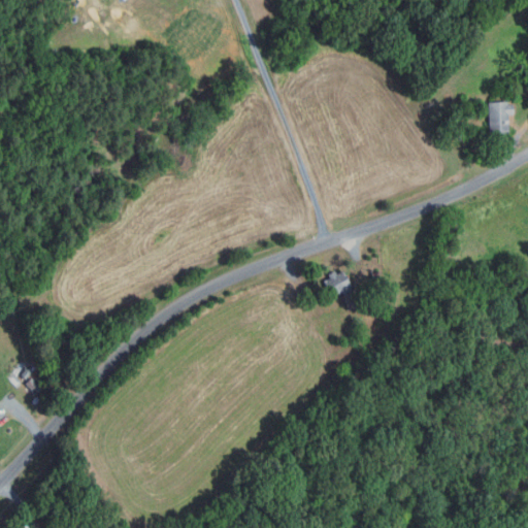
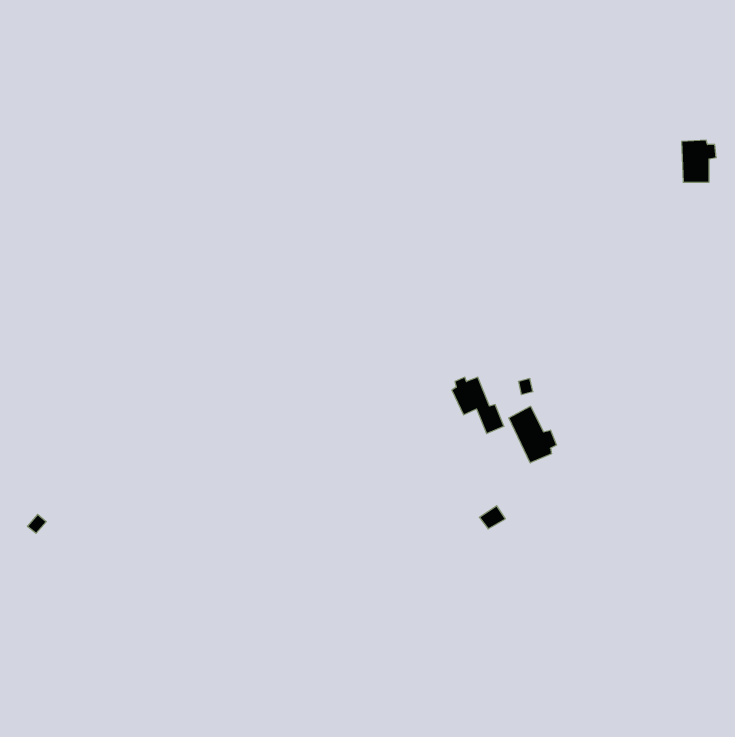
building: none -> [509,406,556,463]

